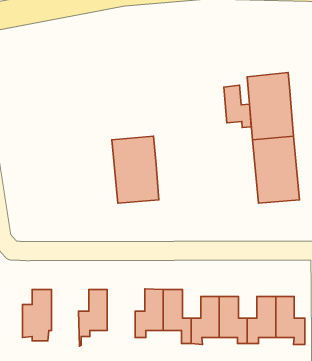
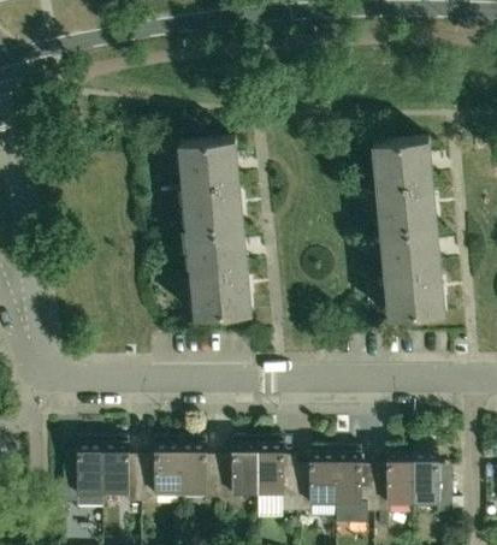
building: none -> [178,141,243,233]
building: [224,85,251,128] -> none
building: none -> [102,440,141,519]
building: none -> [179,440,218,507]

